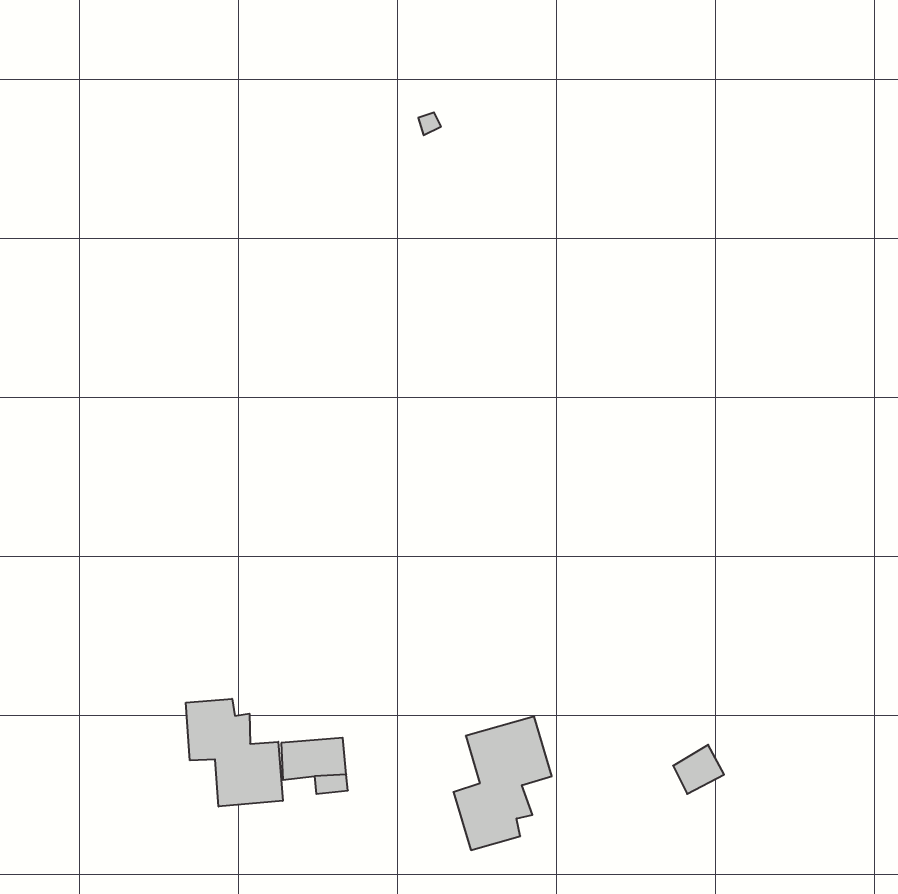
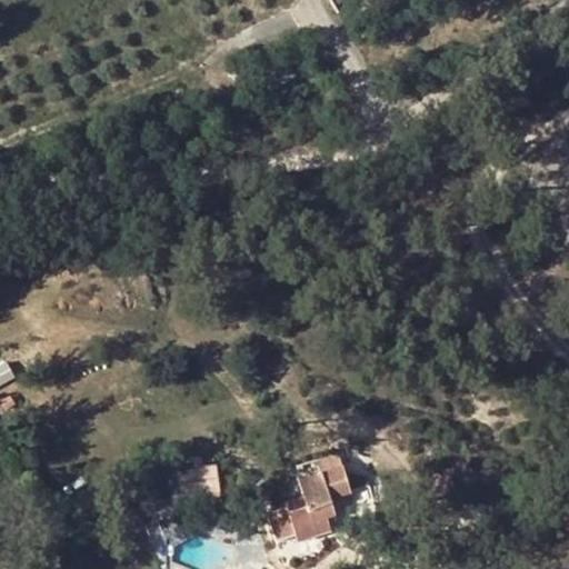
building: [186,699,283,807] -> none

